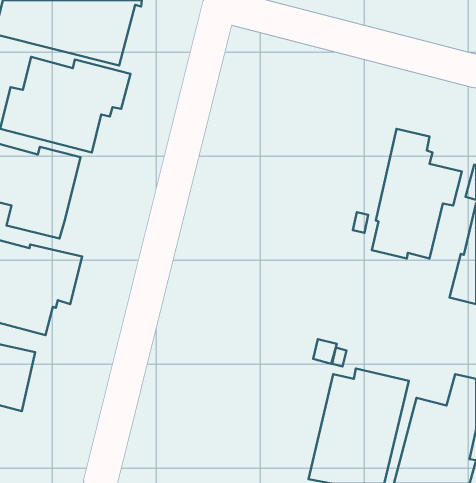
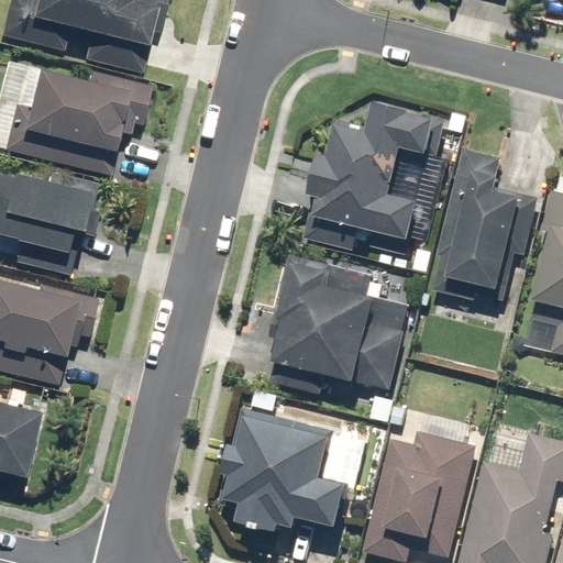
building: none -> [299,97,445,251]
building: none -> [272,254,409,391]
building: none -> [224,407,349,529]

